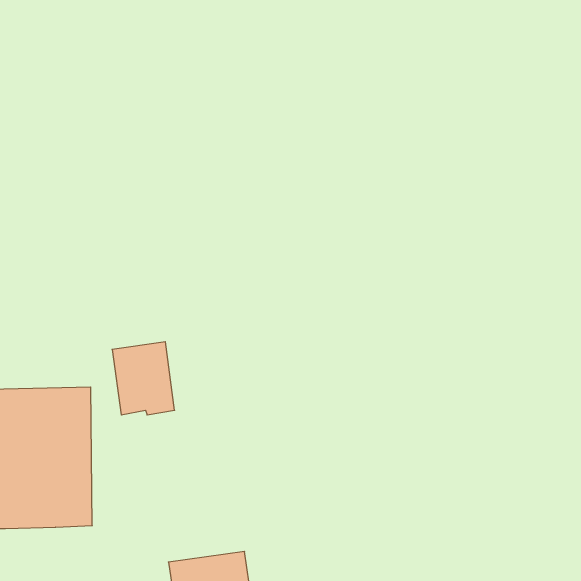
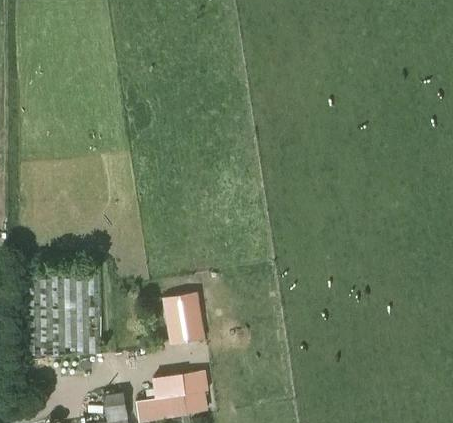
building: [112,342,175,415] -> [163,294,204,342]

